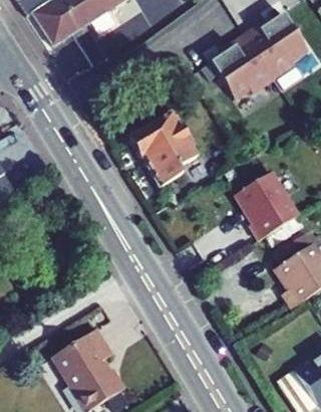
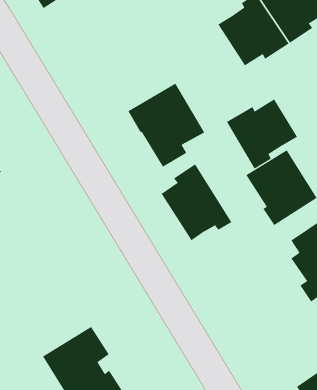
building: none -> [226,98,298,170]
building: none -> [161,163,232,241]

